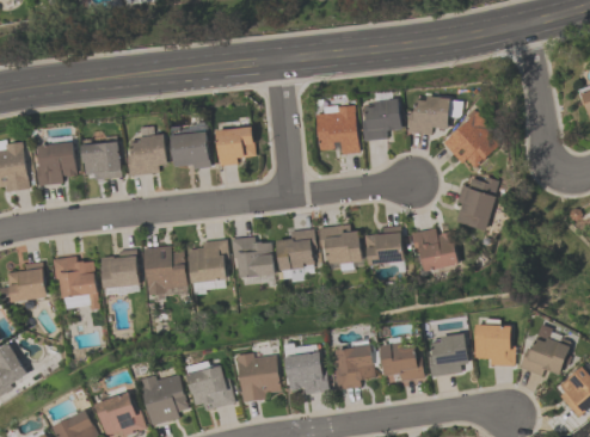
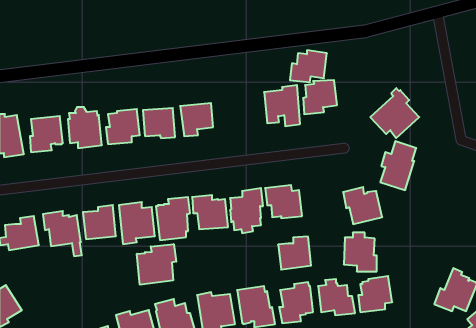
building: [407,96,451,134] -> [290,50,327,82]
building: [363,226,402,265] -> [278,237,311,270]
building: none -> [137,244,176,285]
building: [474,319,514,365] -> [344,233,377,271]

